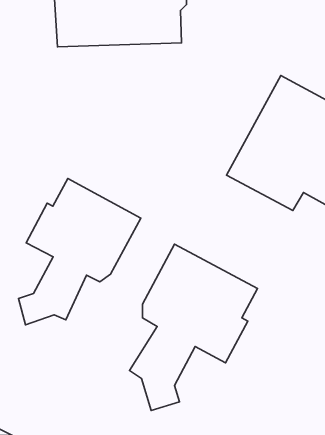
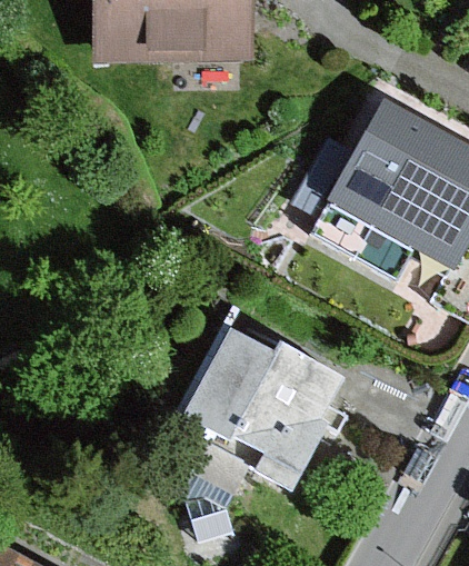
building: [18,178,141,325] -> none

